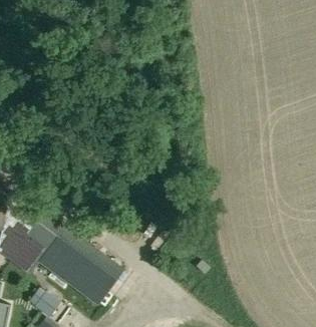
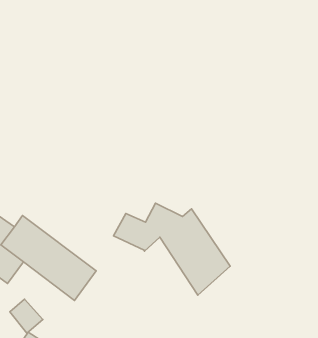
building: none -> [114,203,230,295]
building: [86,262,122,301] -> none

